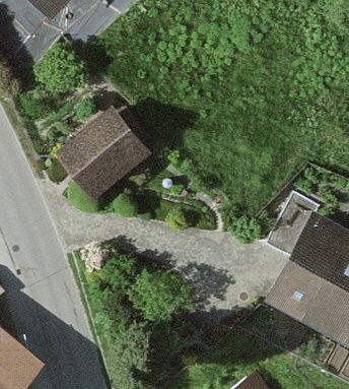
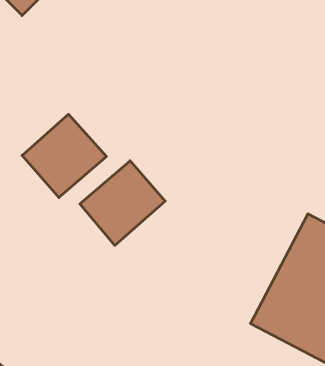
building: none -> [80,161,165,245]

